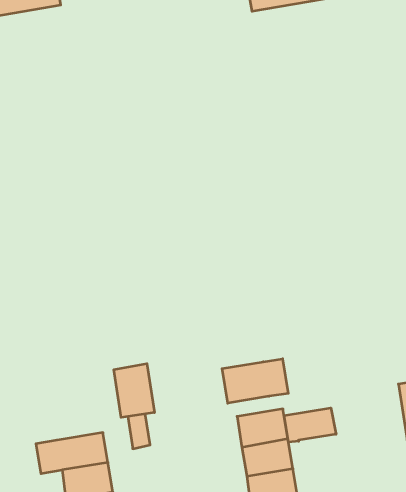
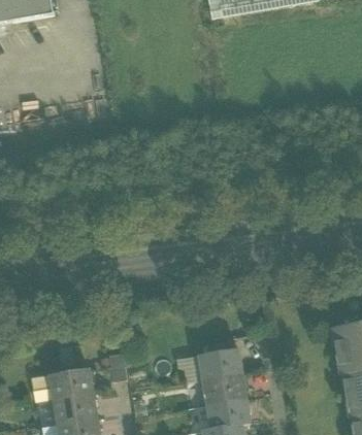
building: [222,359,288,403] -> none
building: [114,364,154,417] -> none
building: [284,408,336,442] -> none

